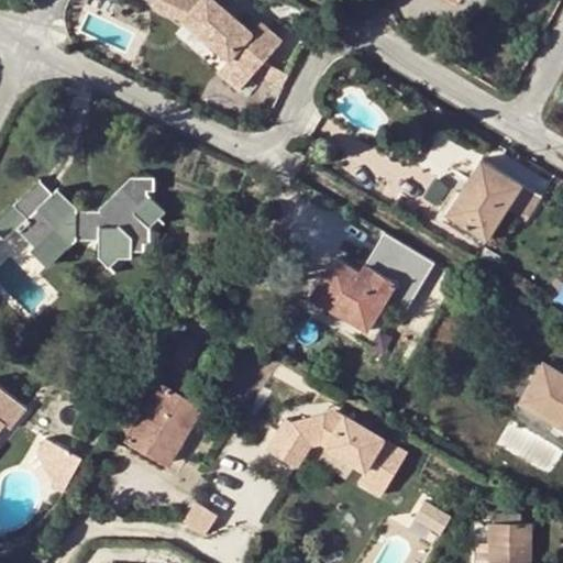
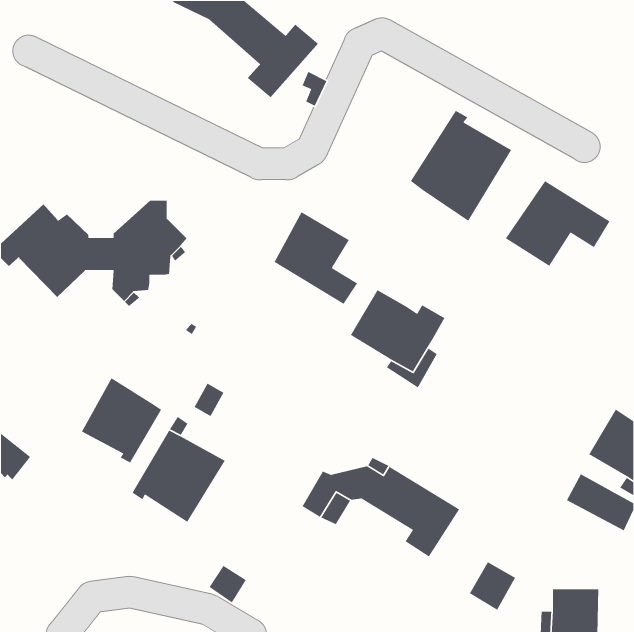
building: none -> [410,110,512,222]
building: none -> [274,211,358,305]
building: [360,232,429,310] -> none
building: none -> [81,377,162,464]
building: [36,439,81,493] -> none

